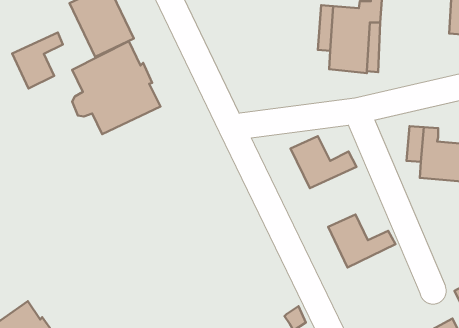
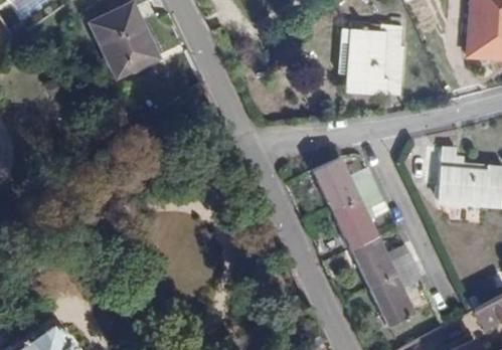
building: [12,33,63,88] -> none
building: [72,41,161,134] -> none
building: none -> [332,188,384,247]
building: none -> [369,265,424,328]

